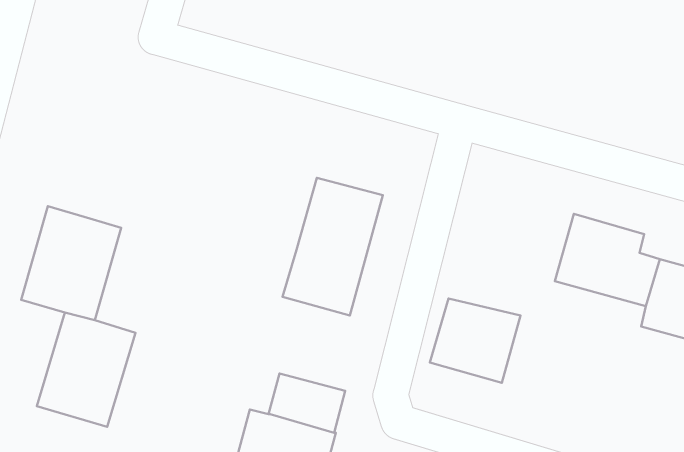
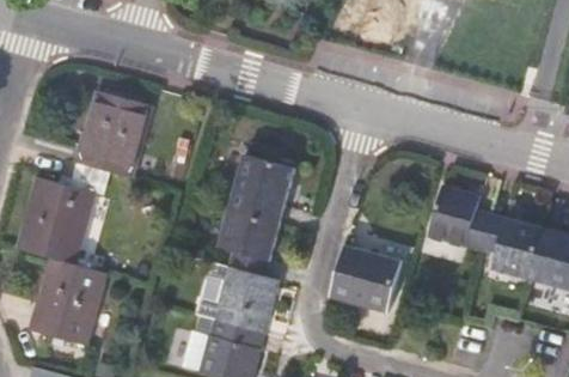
building: none -> [71,92,149,195]
building: none -> [220,268,277,320]

